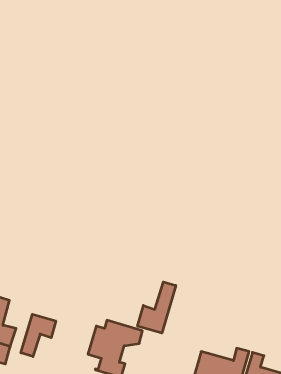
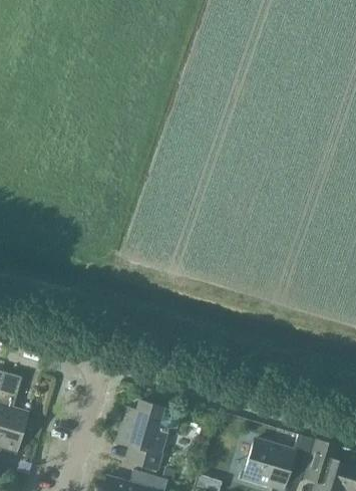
building: [138,282,176,333] -> none
building: [21,314,56,357] -> none

